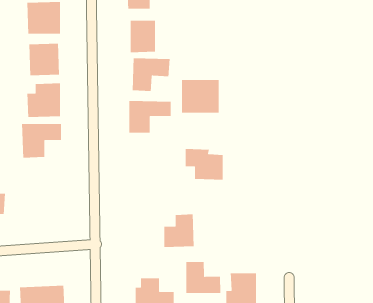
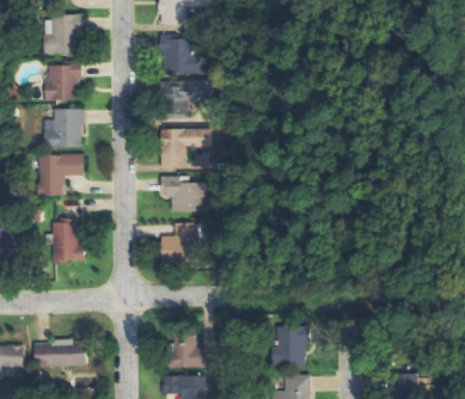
building: [181,79,220,114] -> none
building: [185,148,223,181] -> [160,174,204,211]
building: none -> [53,219,85,260]
building: [163,213,195,248] -> [161,221,197,260]
building: [185,261,221,294] -> none

